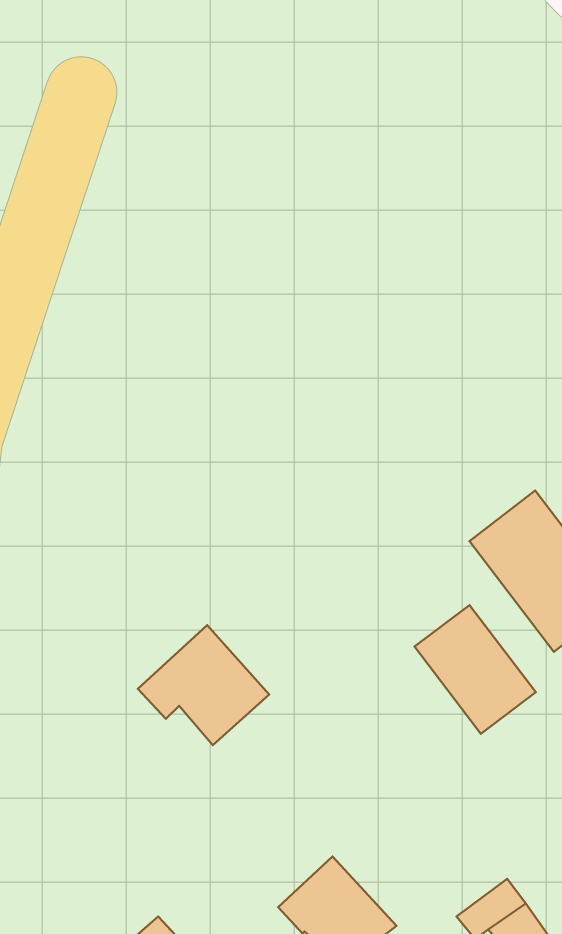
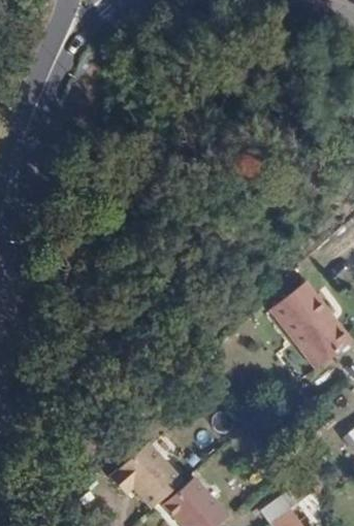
building: [414,605,536,734] -> none
building: [138,625,269,745] -> [110,447,183,513]

